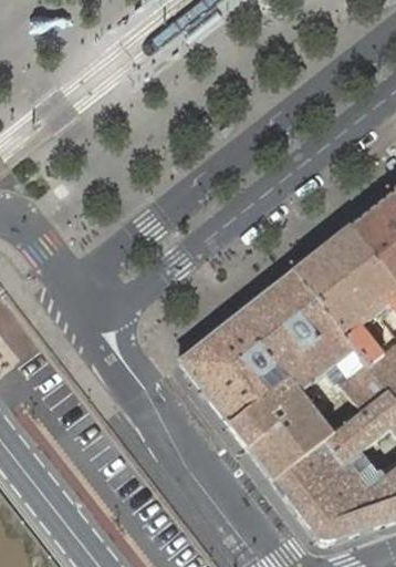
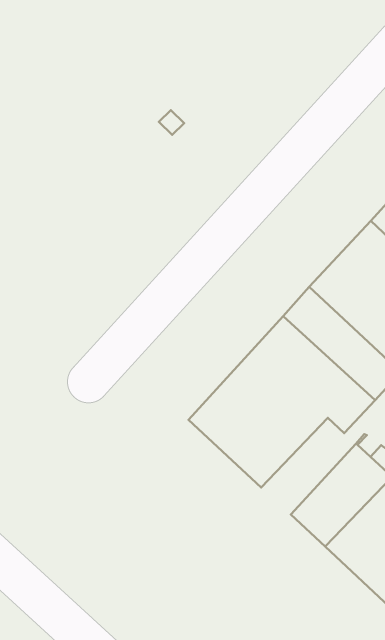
building: [229,374,317,446] -> none

